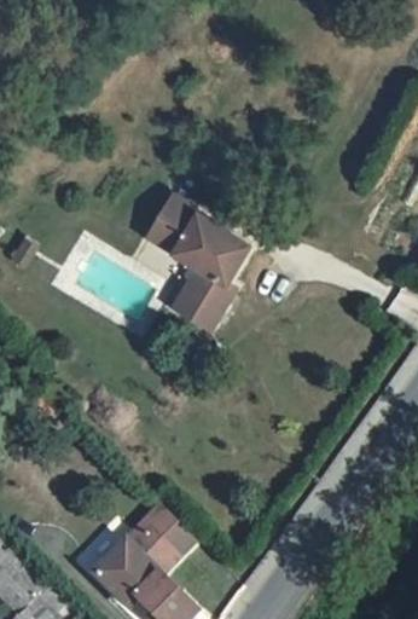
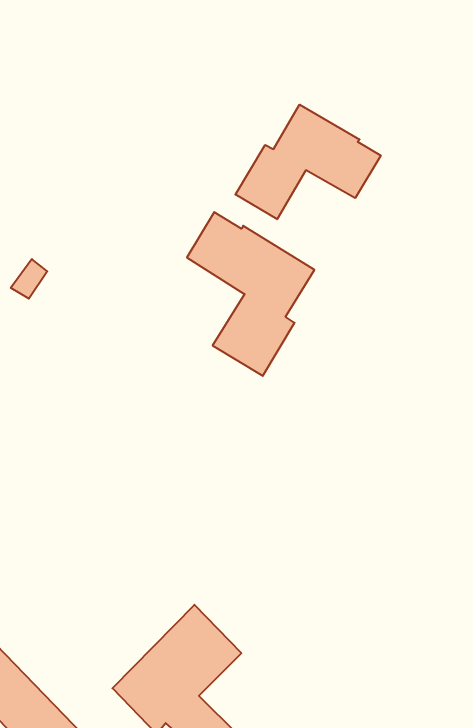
building: none -> [235,105,381,219]

